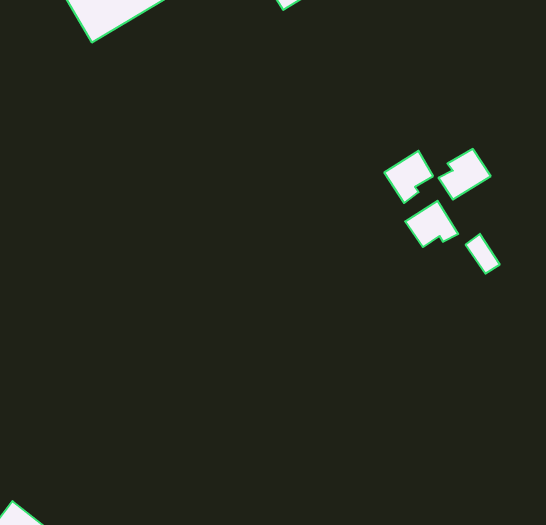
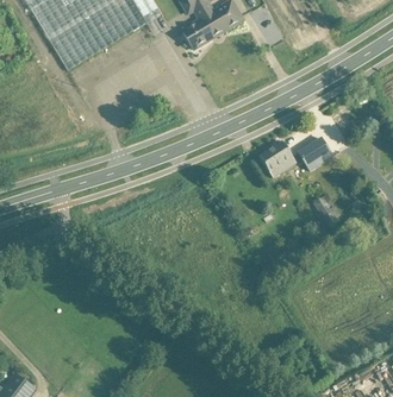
building: [405,201,458,247] -> none

